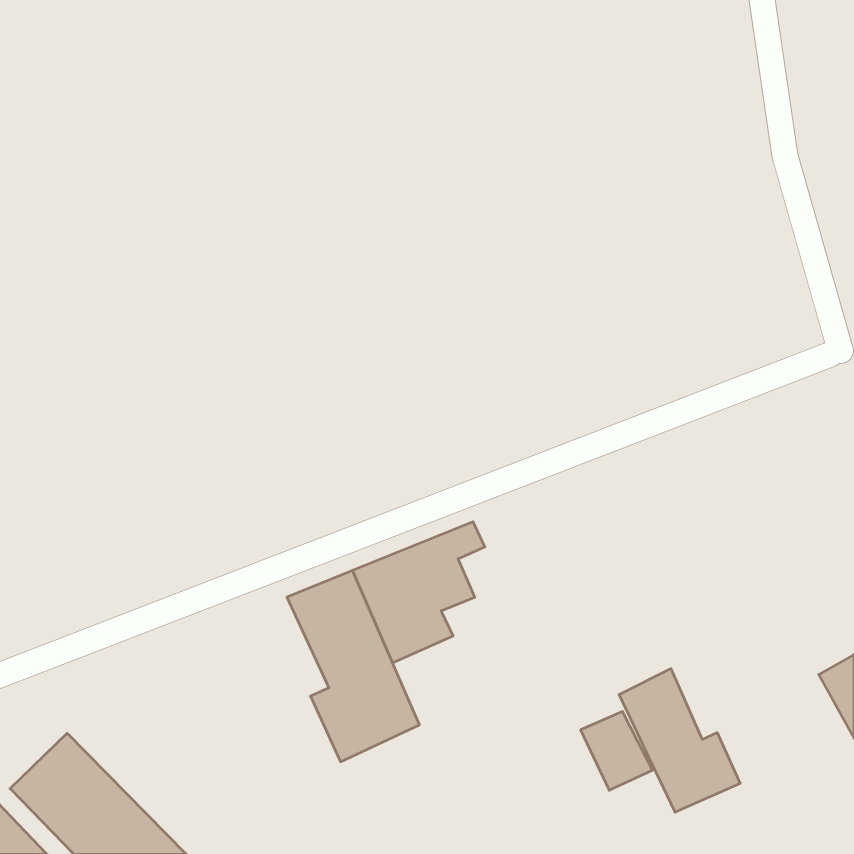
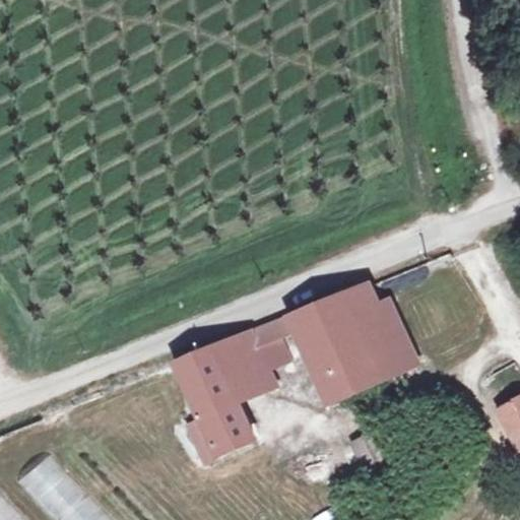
building: none -> [286,283,415,404]
building: [619,669,740,812] -> none

